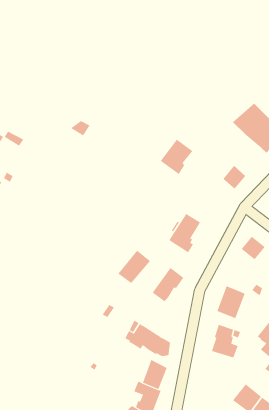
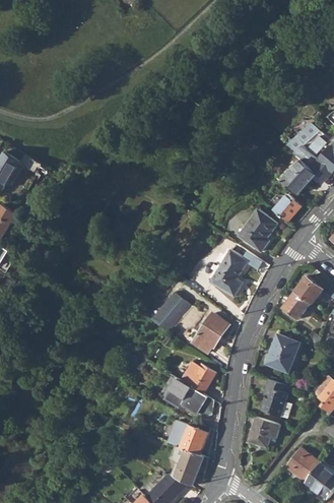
building: none -> [280,159,317,195]
building: [160,139,193,175] -> [239,209,277,251]
building: none -> [281,291,310,319]
building: none -> [180,363,216,393]
building: none -> [248,417,279,447]

